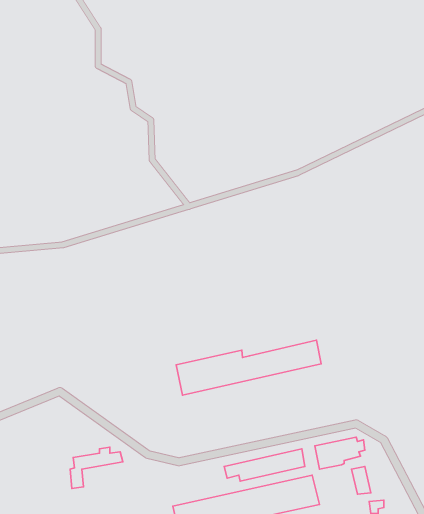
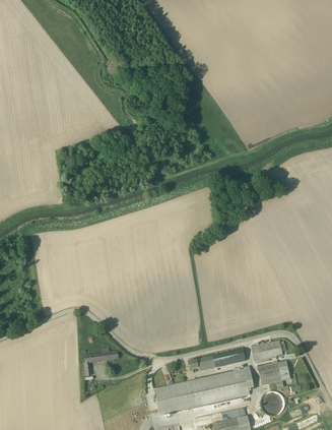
building: [176,340,321,395] -> none
building: none -> [258,361,281,385]

